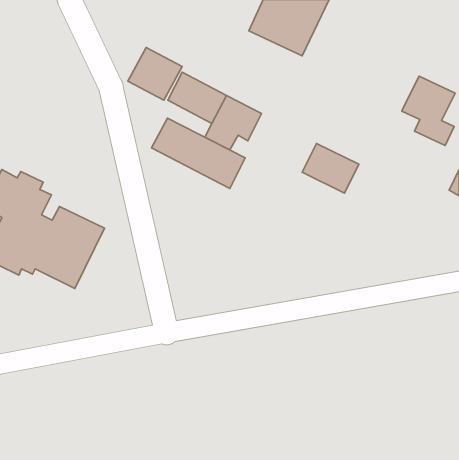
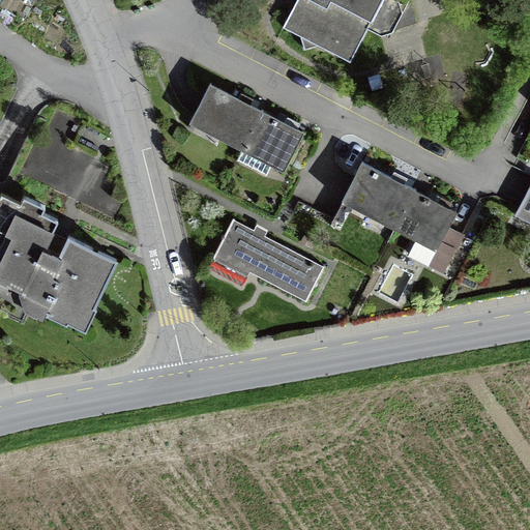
building: [128,48,182,100] -> none
building: [402,76,455,146] -> [392,188,453,268]
building: [151,118,245,188] -> [214,226,322,306]

